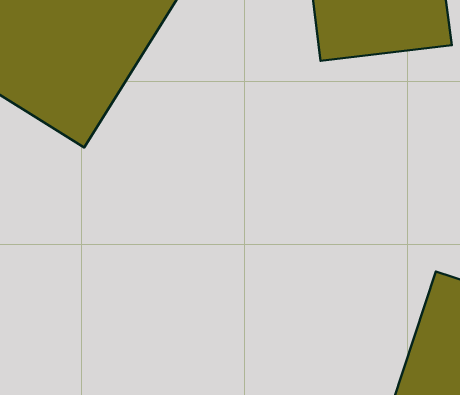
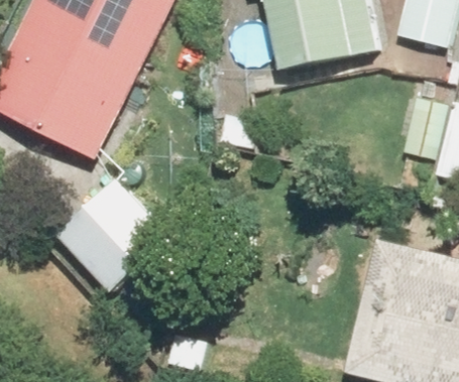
building: none -> [55,180,166,290]

